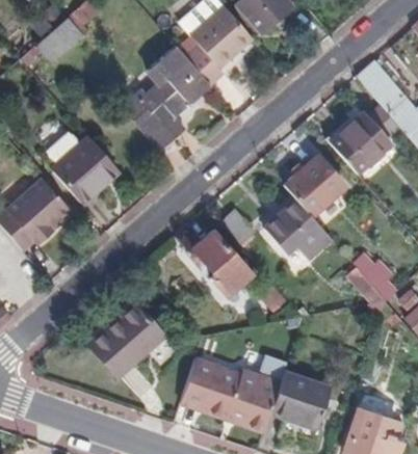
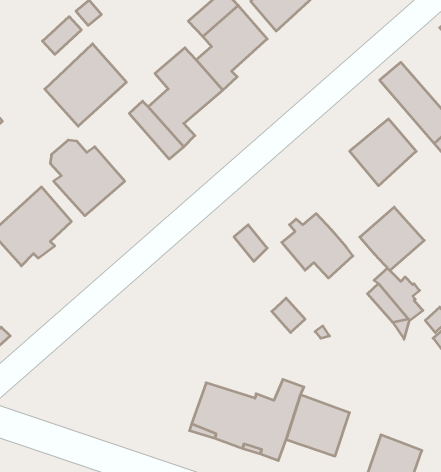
building: none -> [45,44,126,126]
building: [284,157,344,216] -> [360,207,424,270]
building: [192,229,251,291] -> none
building: [89,304,163,376] -> none

